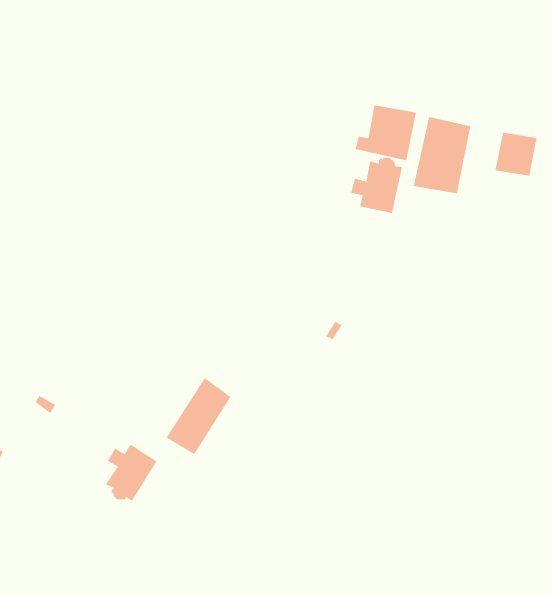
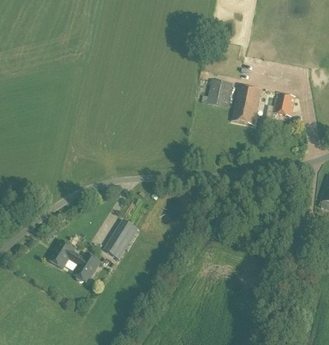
building: [350,157,403,214] -> none
building: none -> [49,240,78,268]

